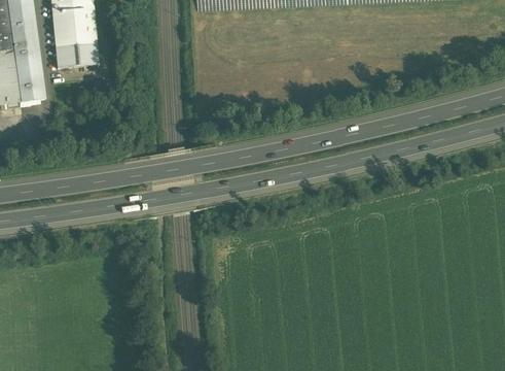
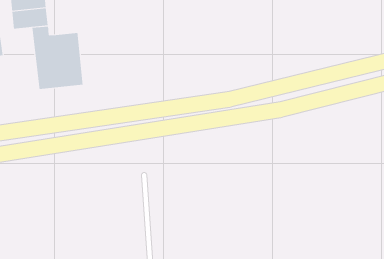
building: none -> [32,26,83,90]

